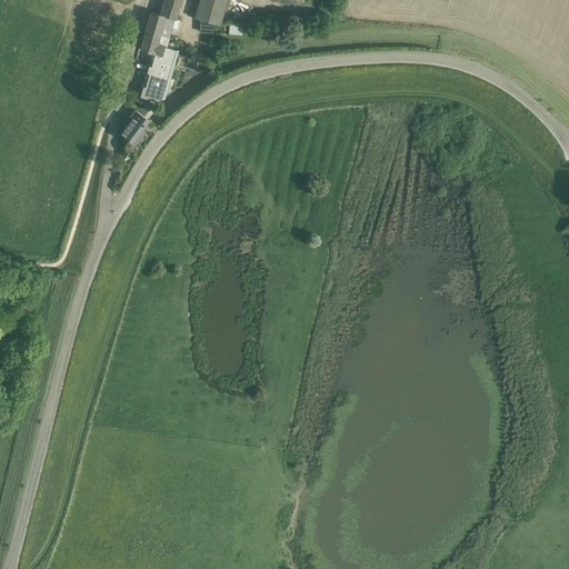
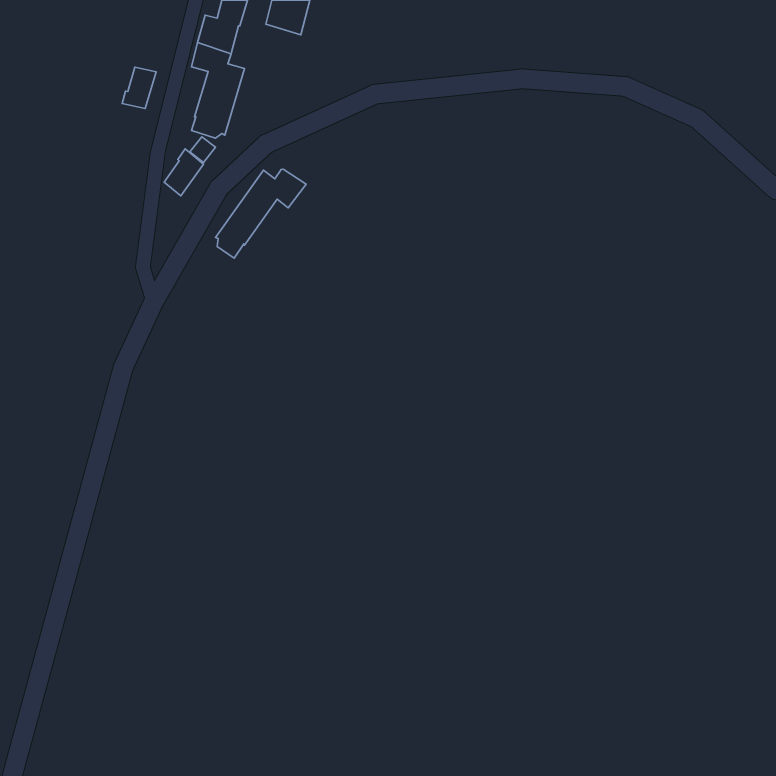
building: none -> [122,67,156,109]
building: none -> [216,169,306,258]

